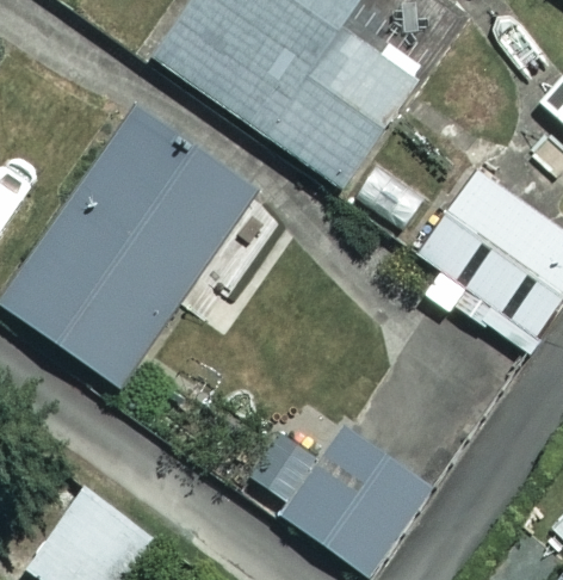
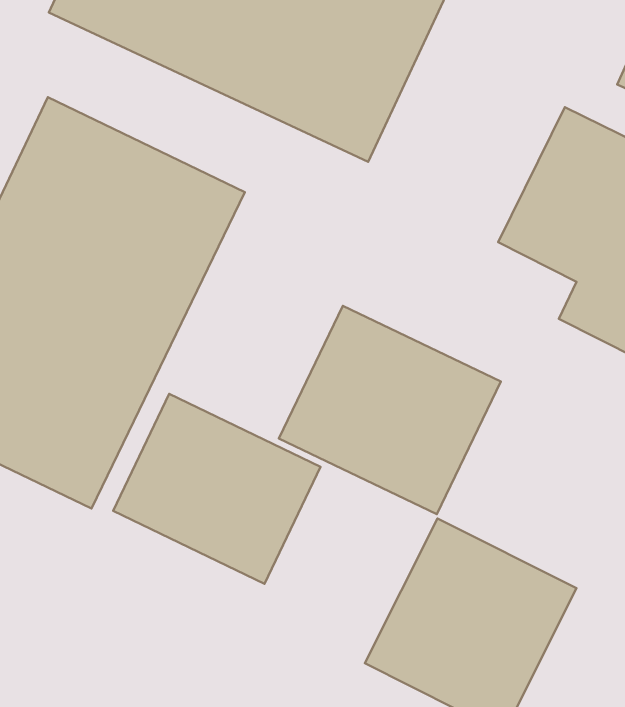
building: none -> [279,306,501,514]
building: none -> [113,394,320,584]

